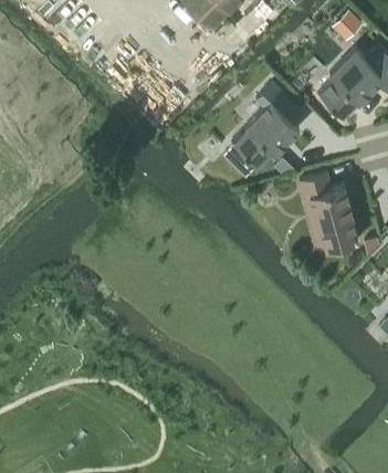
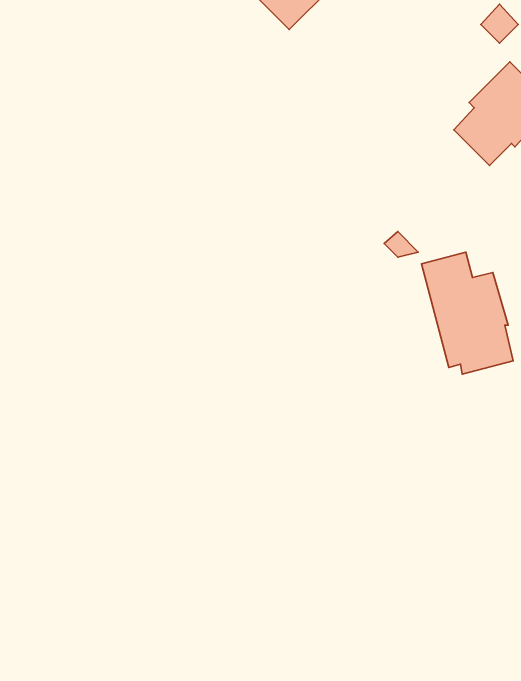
building: [233,83,303,165] -> none

